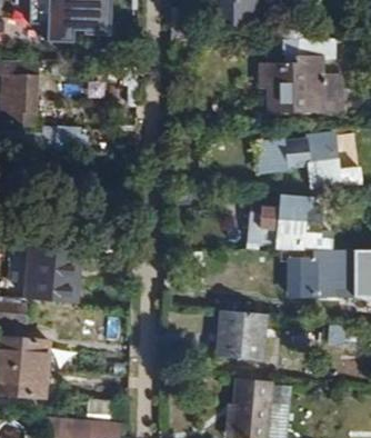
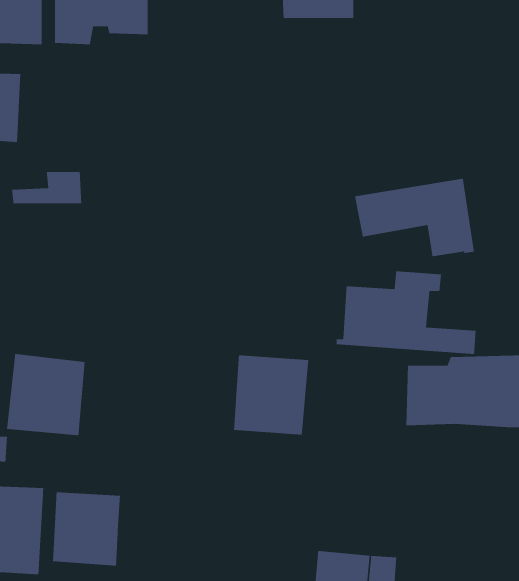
building: [258,38,342,115] -> none
building: [218,312,269,367] -> [233,354,309,436]
building: none -> [52,492,121,567]

